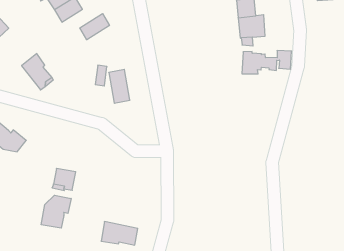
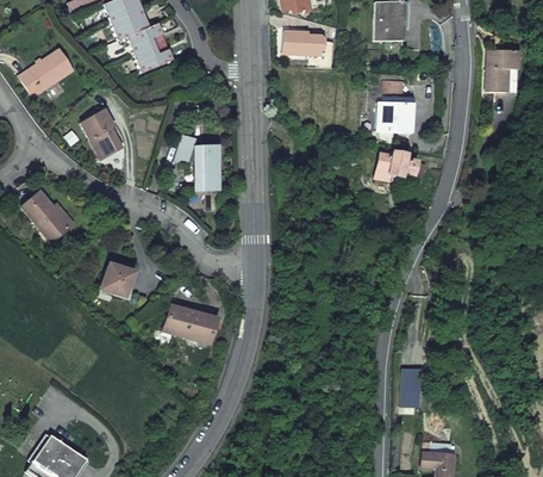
building: [80,14,109,40] -> none
building: [41,195,71,228] -> none
building: none -> [401,367,424,405]
building: [101,222,138,245] -> [164,304,216,341]

